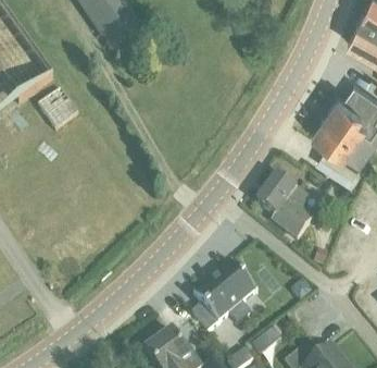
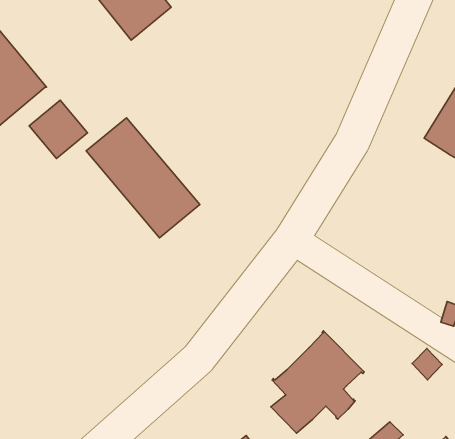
building: none -> [86,118,200,238]
building: [255,172,314,238] -> none

